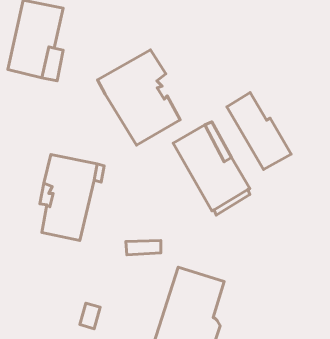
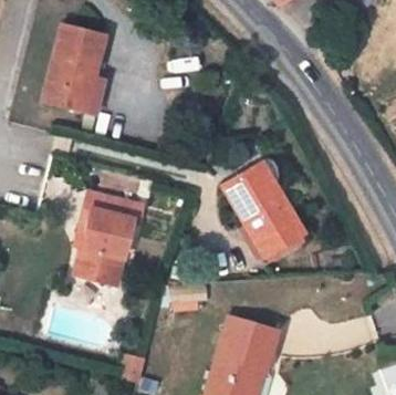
building: [97,50,180,145] -> none
building: [227,93,291,170] -> none

